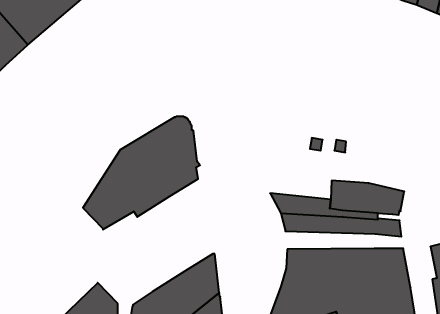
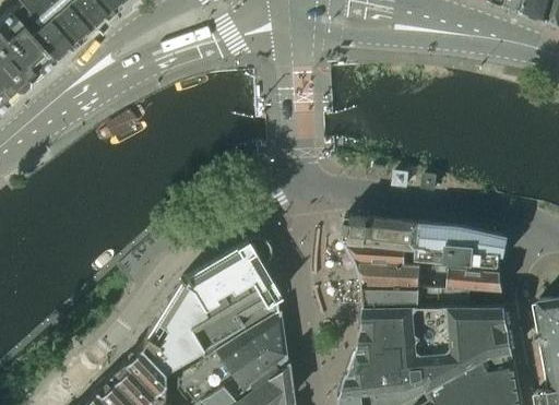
building: [83,116,200,230] -> [138,238,278,374]
building: none -> [345,216,419,248]
building: none -> [364,286,472,308]

